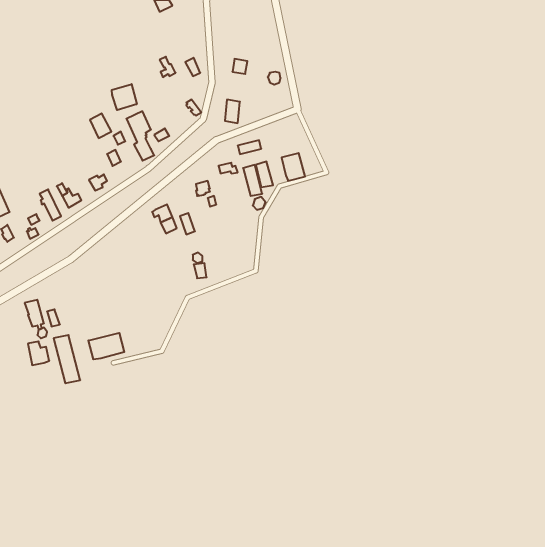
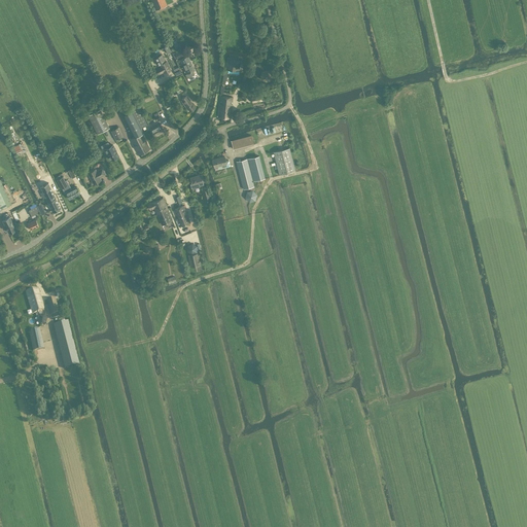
building: [112,84,137,110] -> none
building: [88,333,124,359] -> none

